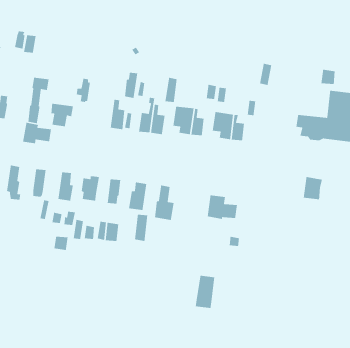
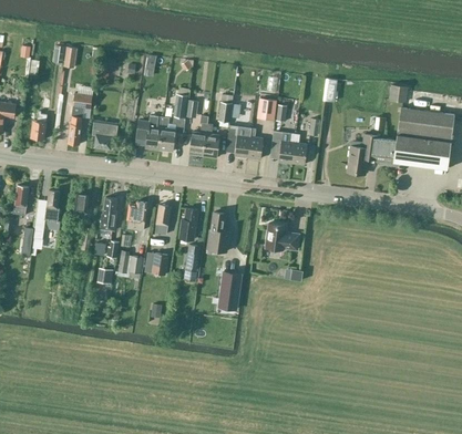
building: none -> [135,116,163,149]
building: [22,122,52,144] -> none
building: [303,176,323,200] -> [347,146,369,173]
building: [195,275,215,309] -> [218,271,240,309]

